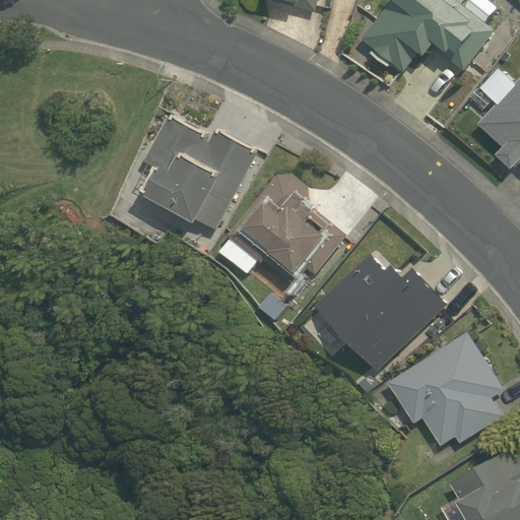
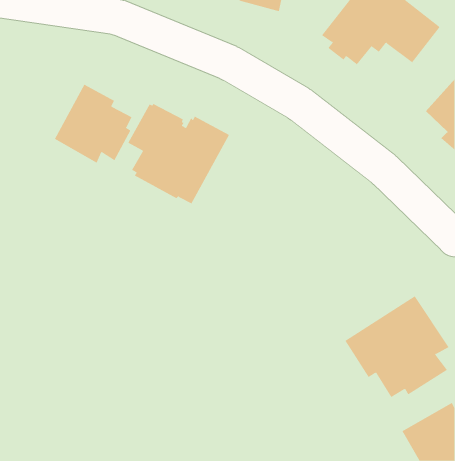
building: none -> [54,84,132,163]
building: [228,174,347,284] -> none
building: [314,253,447,371] -> none

